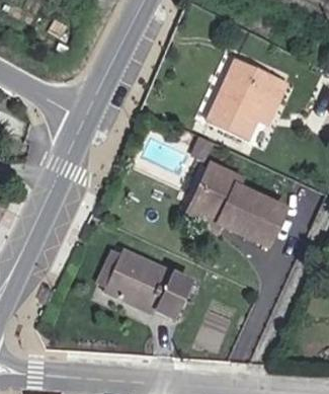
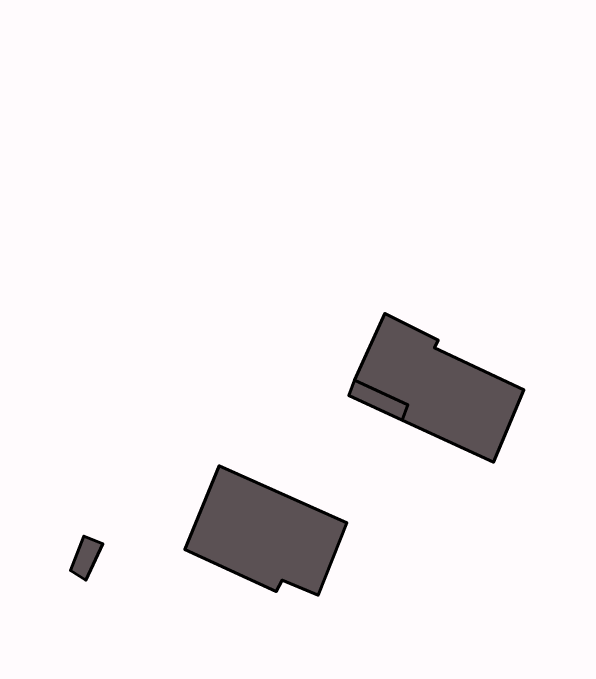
building: [209,58,276,135] -> none

